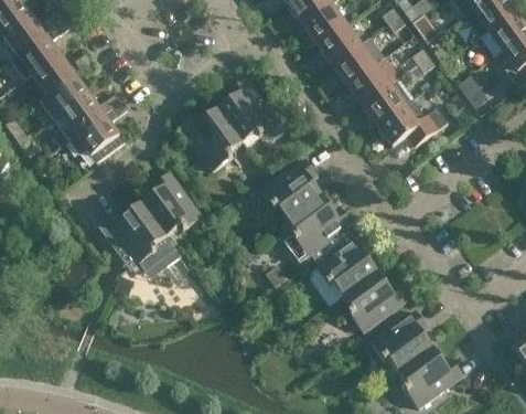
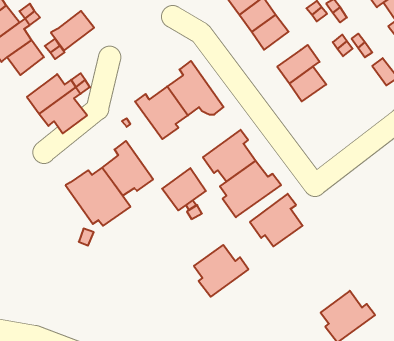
building: [332,43,375,84] -> none
building: [39,73,89,119] -> [51,11,94,50]
building: [376,98,447,145] -> none
building: none -> [162,168,206,210]
building: [343,270,407,331] -> [194,245,248,297]
building: [371,310,432,372] -> none

